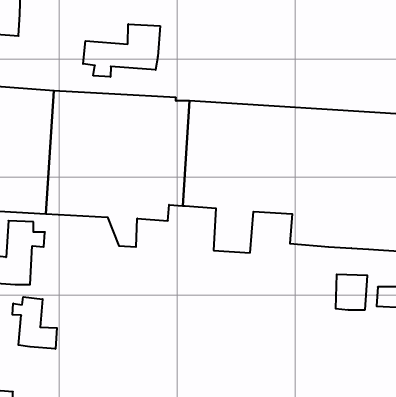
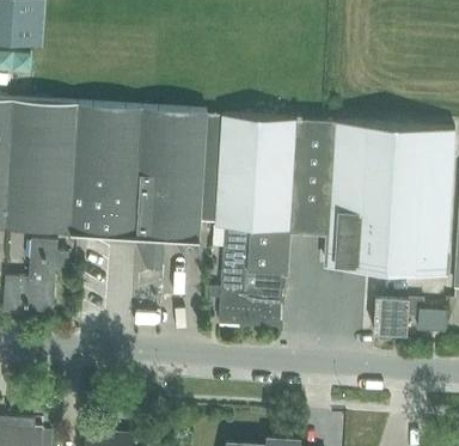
building: [83,24,160,77] -> none
building: none -> [208,226,283,328]
building: [12,297,57,349] -> none

